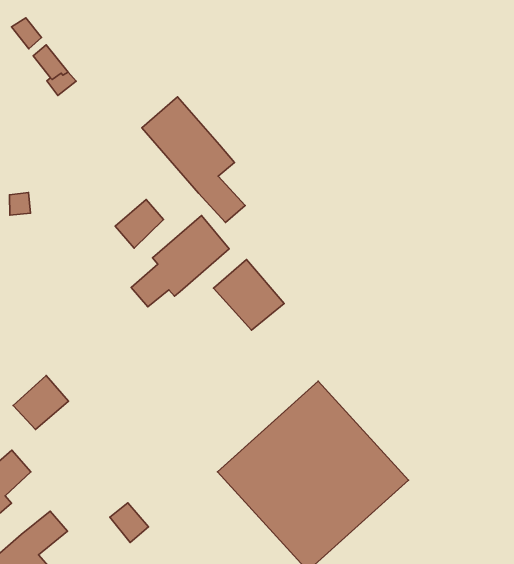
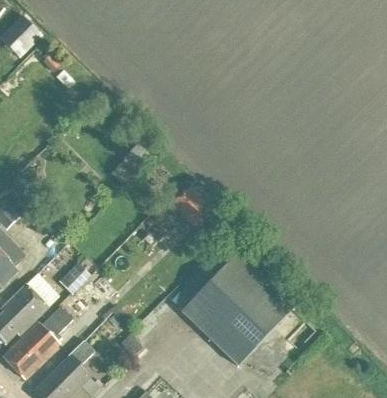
building: [142,97,245,222] -> none
building: [131,215,229,307] -> none

